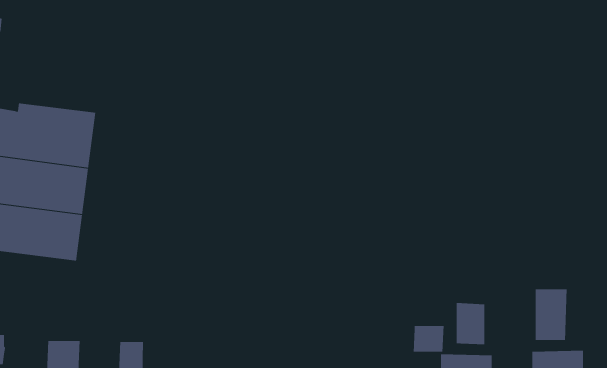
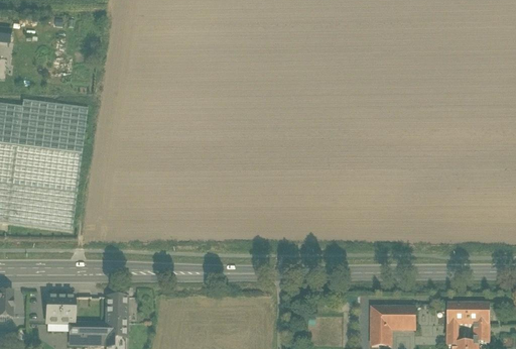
building: [535,289,567,341] -> none
building: [456,302,485,345] -> none
building: [413,325,444,353] -> none

